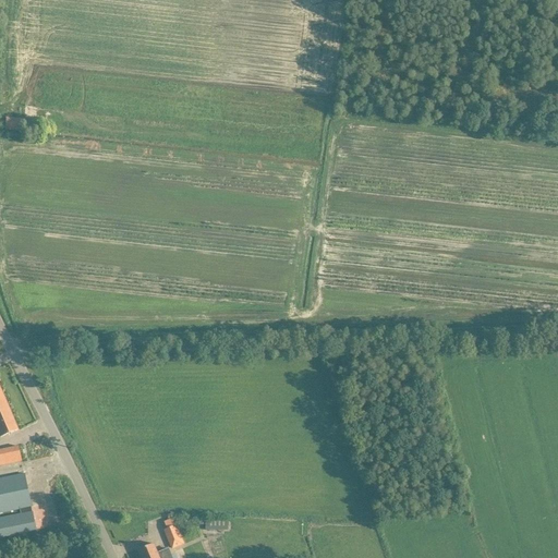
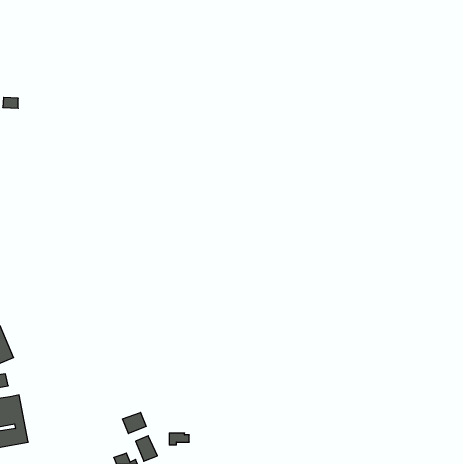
building: none -> [122,412,146,434]

